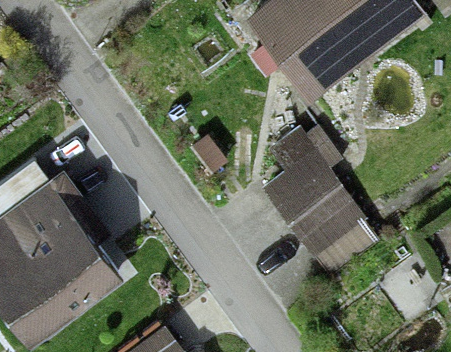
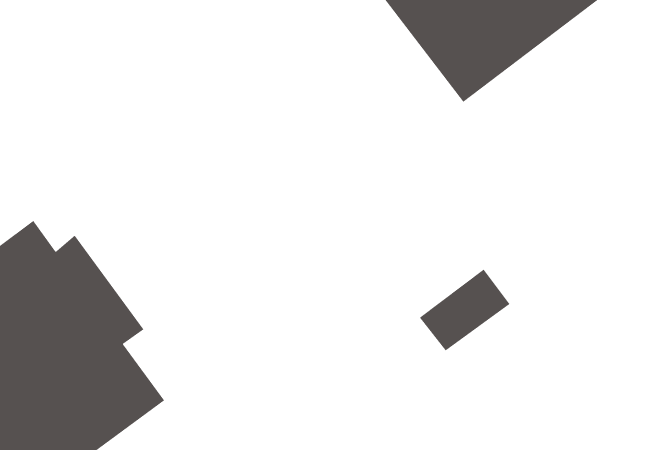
building: [267,124,337,226] -> none

